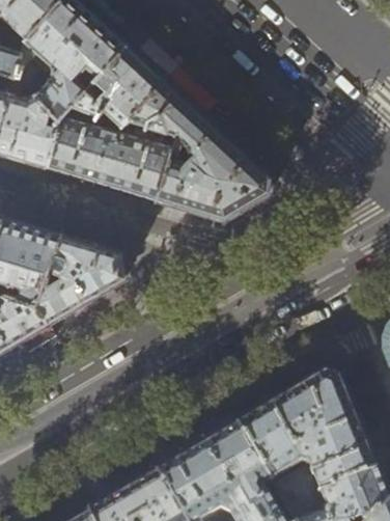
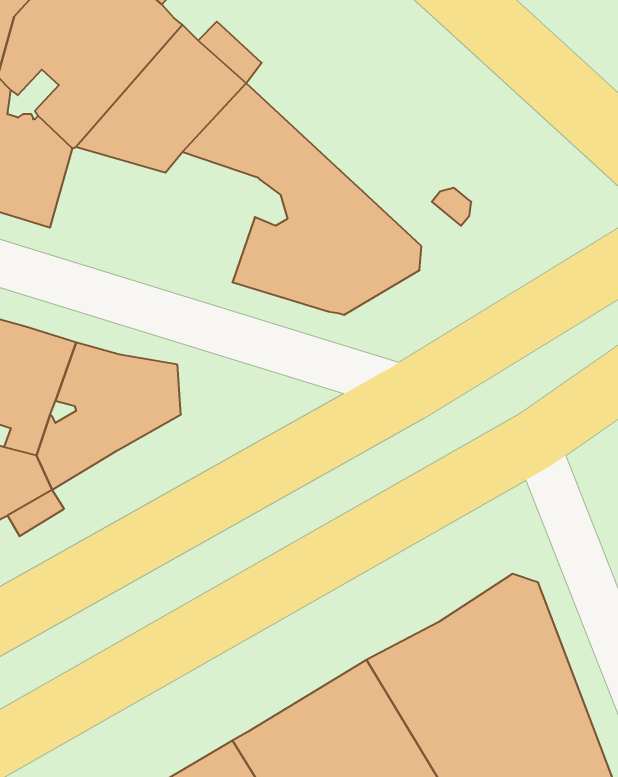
building: [44,115,187,197] -> none

